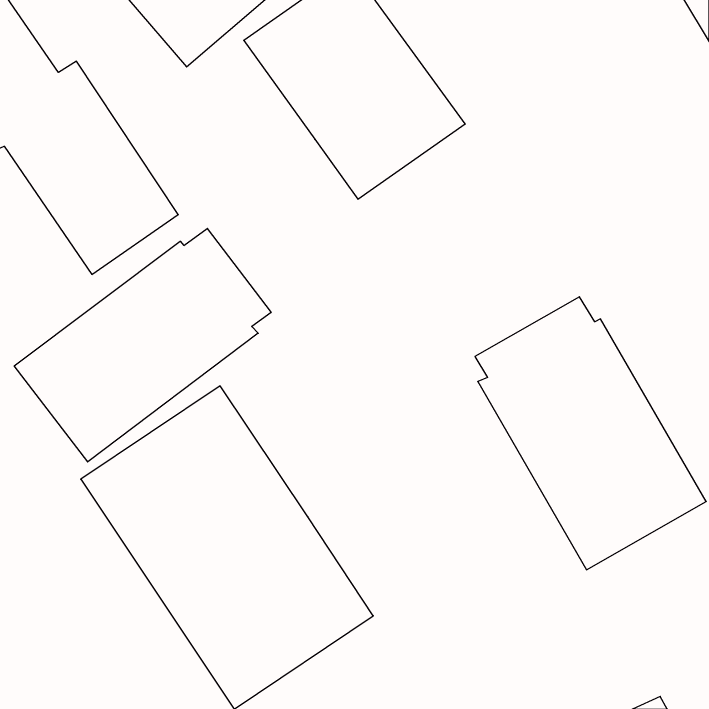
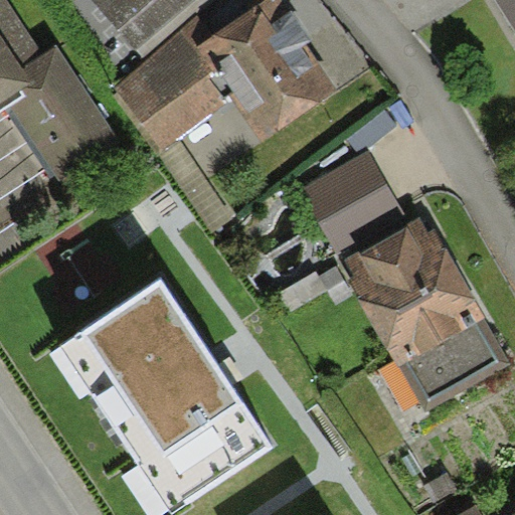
building: none -> [113,29,227,150]
building: none -> [299,150,403,252]
building: [14,228,271,462] -> none

